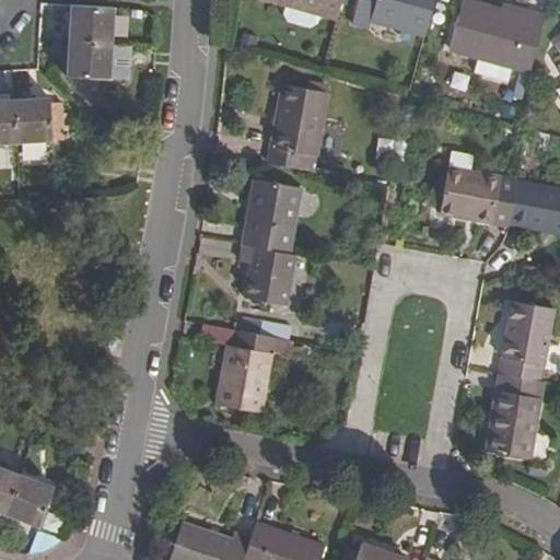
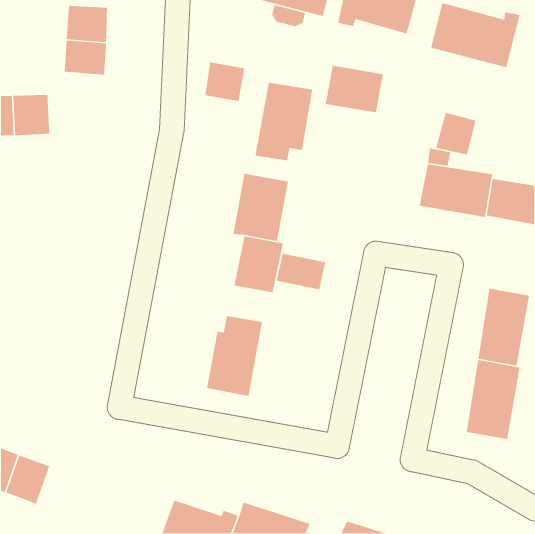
building: none -> [204,62,245,102]
building: none -> [325,65,384,113]
building: none -> [435,112,477,156]
building: none -> [276,253,326,290]

